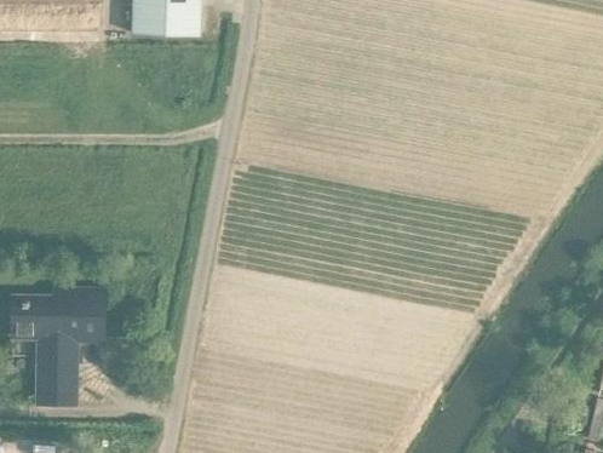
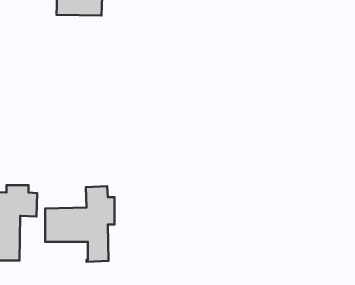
building: none -> [45,186,114,262]

